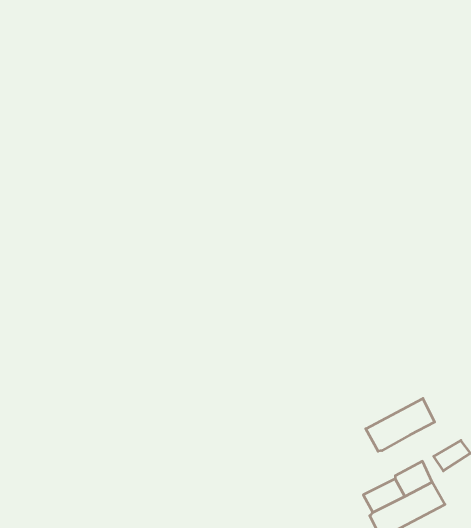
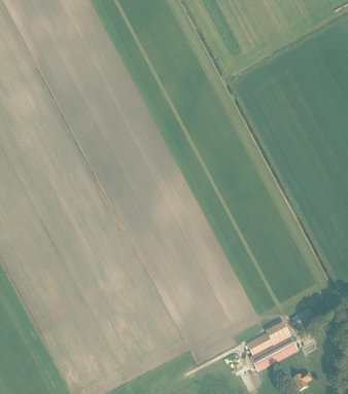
building: [366,398,435,451] -> none

